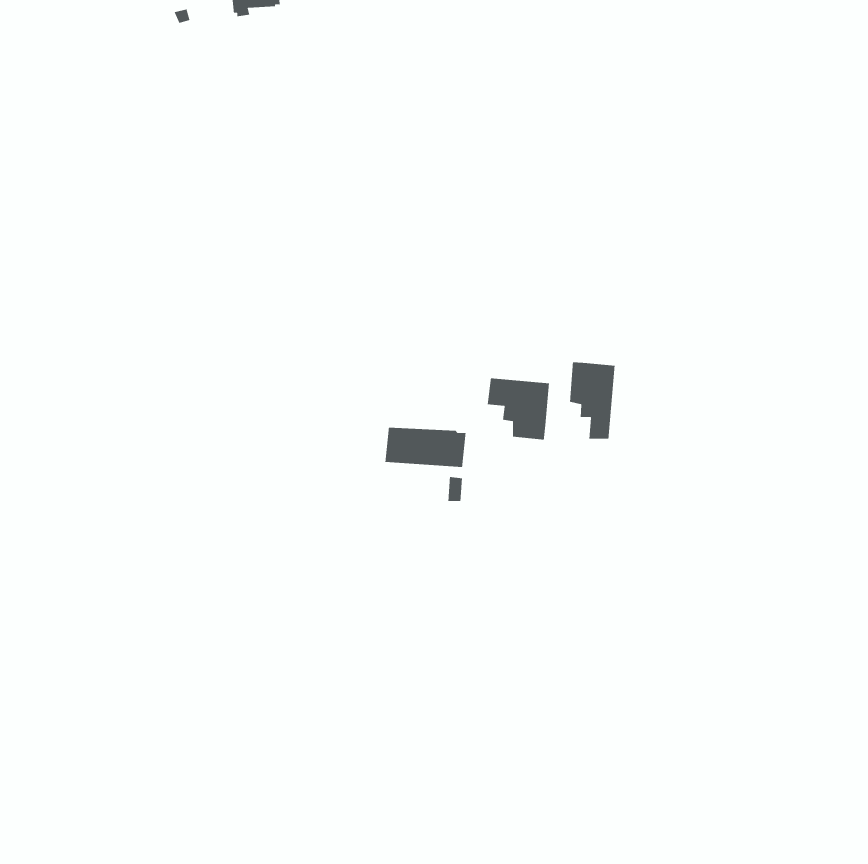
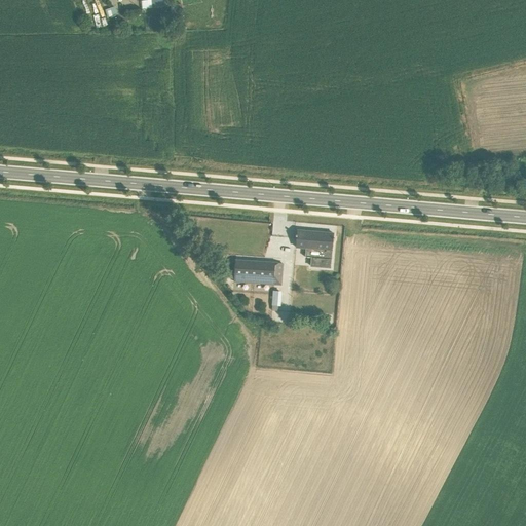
building: [569,362,616,440] -> none

